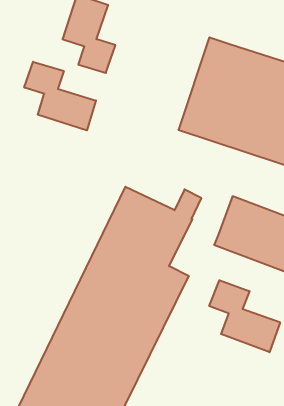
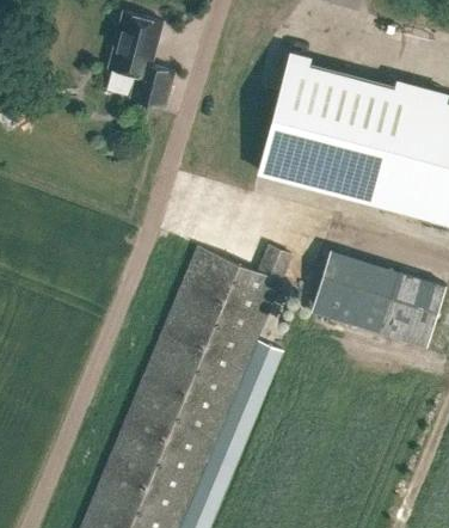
building: [24,62,96,130] -> none
building: [209,280,280,352] -> none

